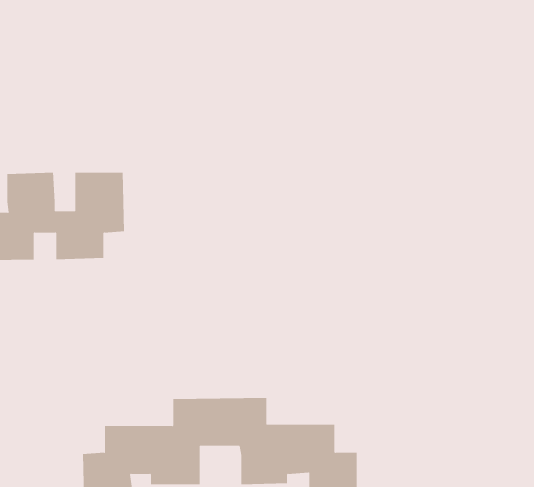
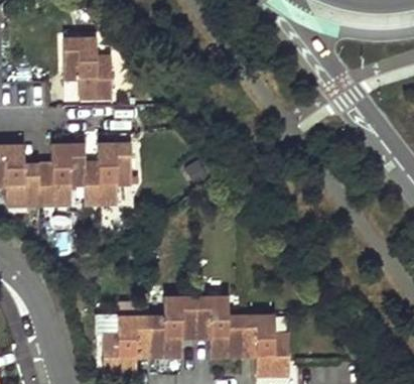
building: none -> [61,38,110,99]

